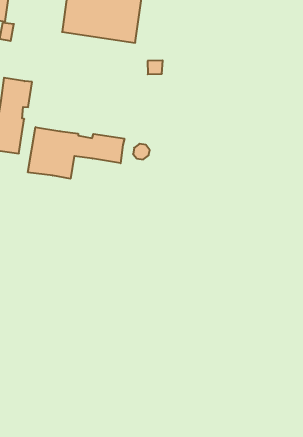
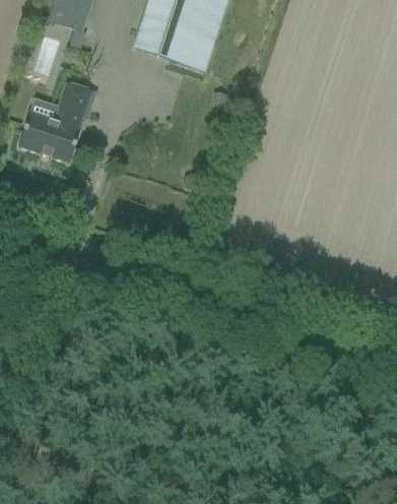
building: [28,127,124,179] -> none

